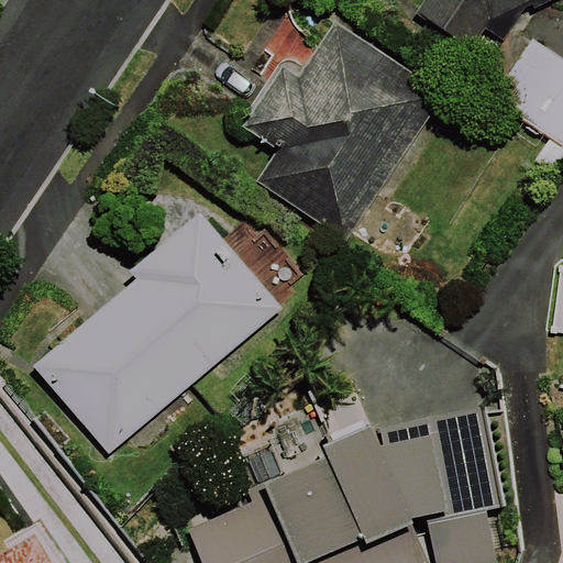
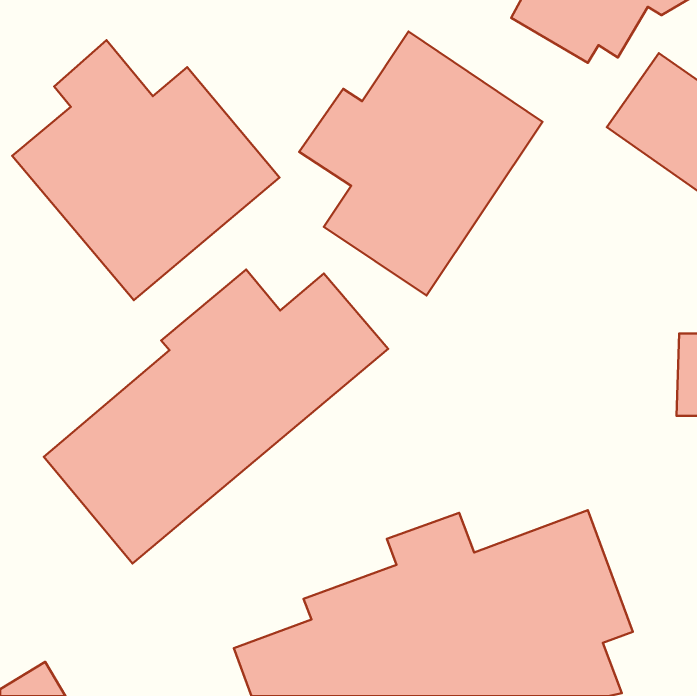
building: none -> [12,40,279,300]

